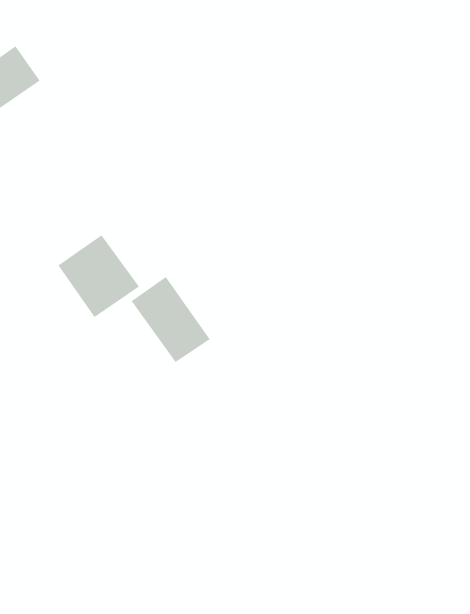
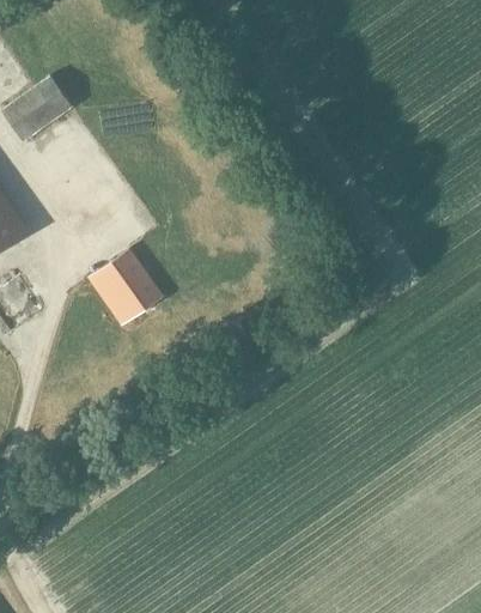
building: [131,276,210,363] -> none

